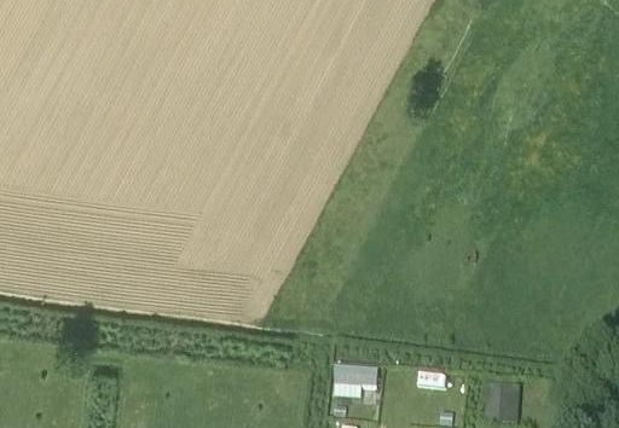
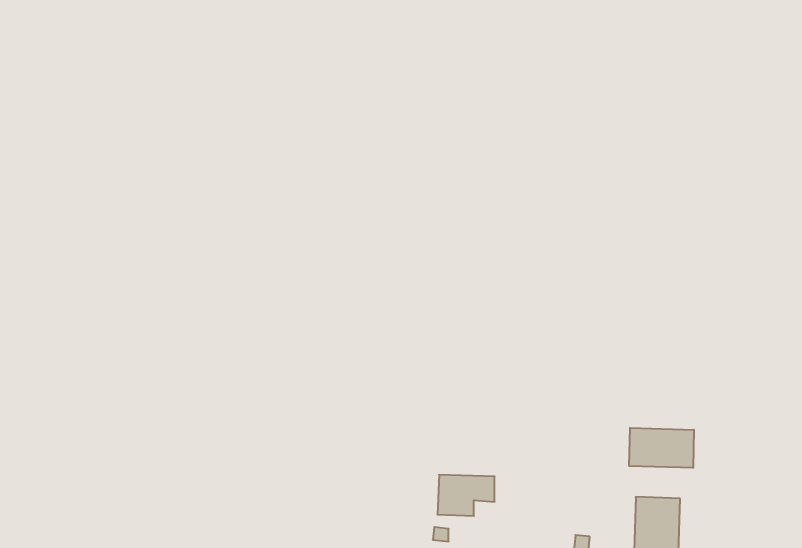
building: none -> [629,428,694,468]

